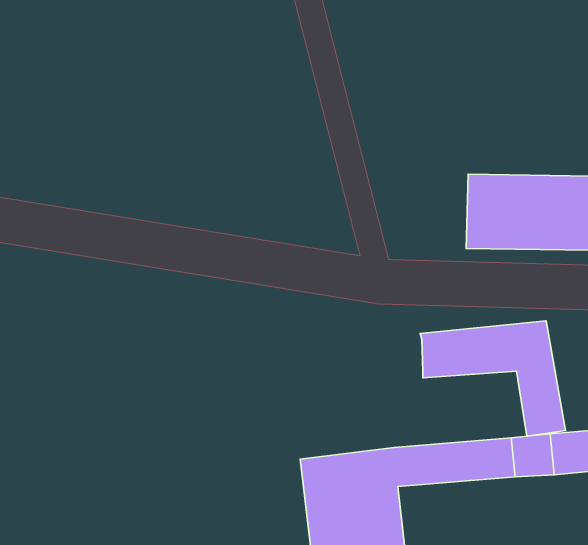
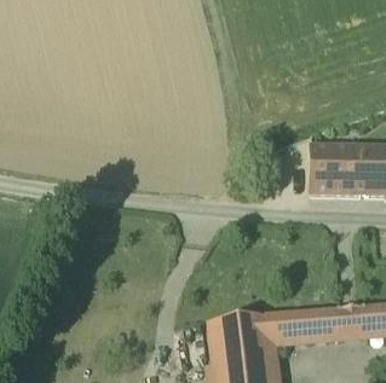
building: [420,321,565,436] -> none

